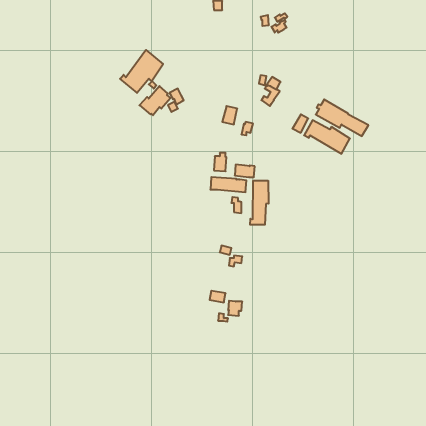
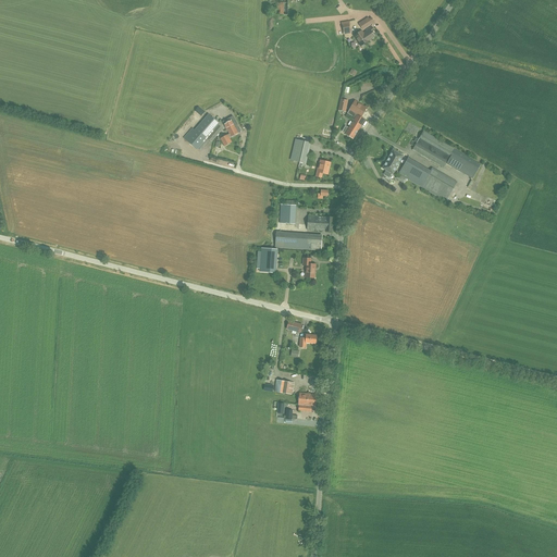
building: [120,50,163,93] -> none
building: [250,181,269,225] -> none
building: none -> [256,247,277,272]

